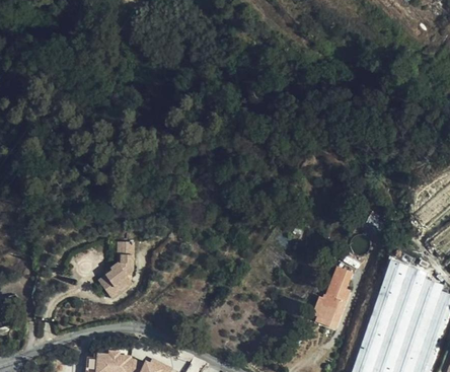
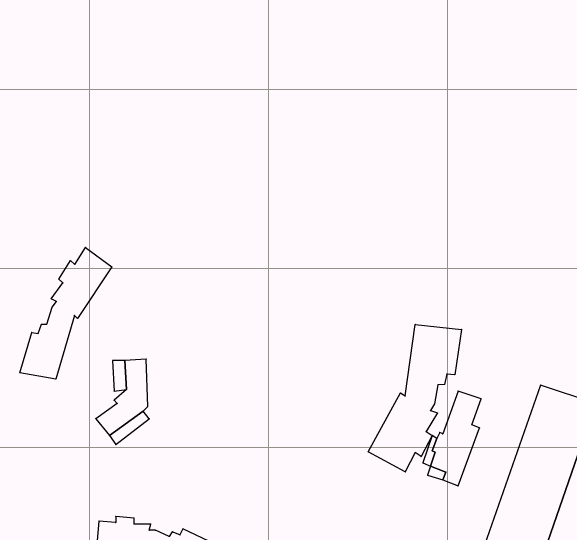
building: none -> [20,247,112,379]
building: none -> [368,324,462,472]

